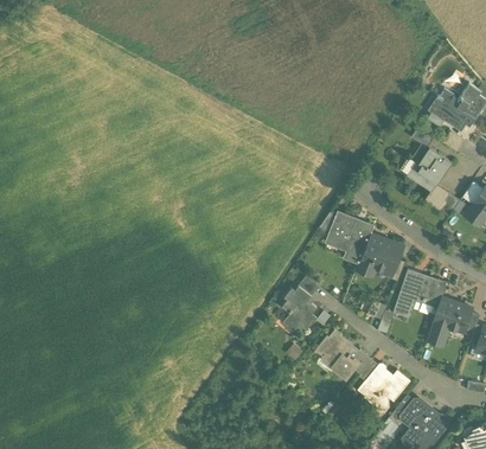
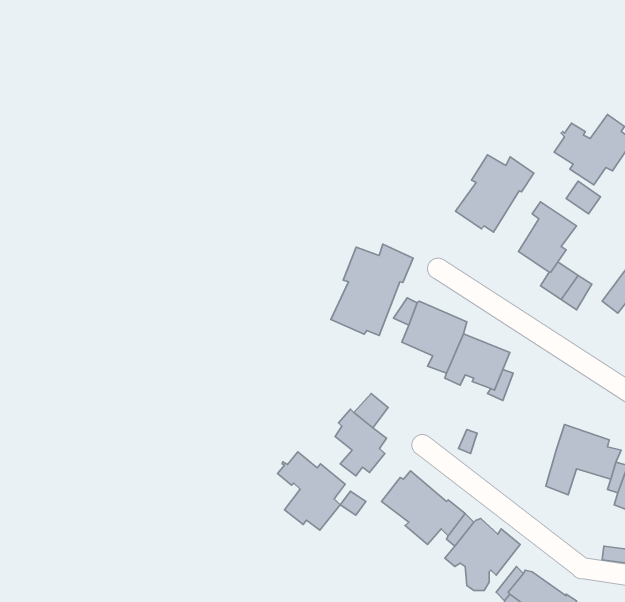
building: none -> [456,155,534,232]
building: none -> [331,244,413,336]
building: [392,269,446,317] -> none
building: none -> [278,452,345,530]

